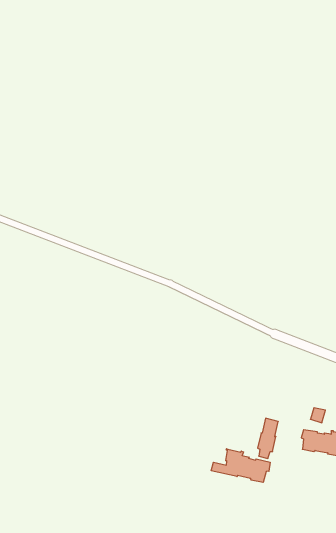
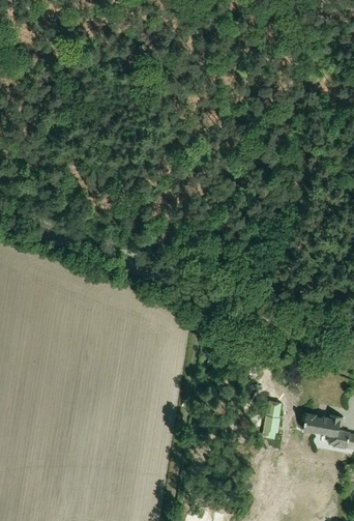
building: [211,449,270,482] -> none

